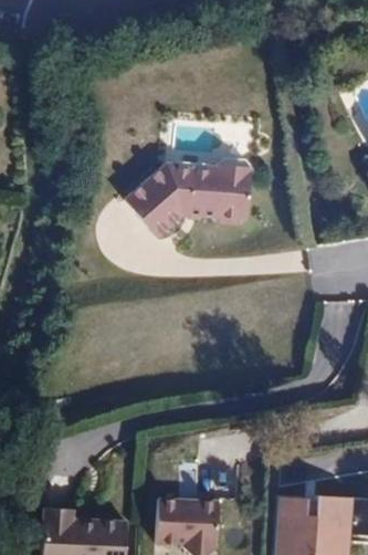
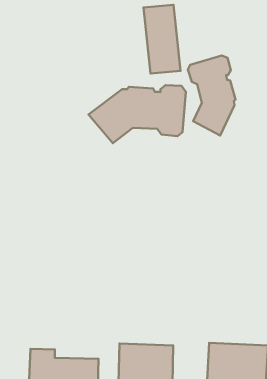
building: none -> [144,5,180,73]
building: none -> [188,56,235,136]

